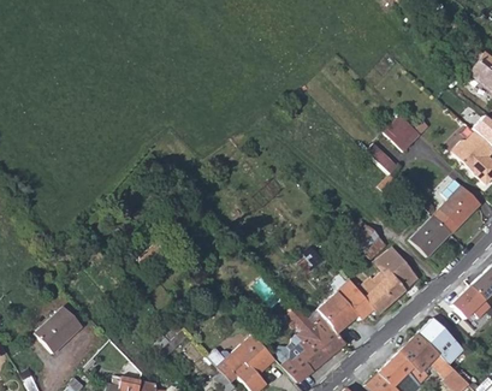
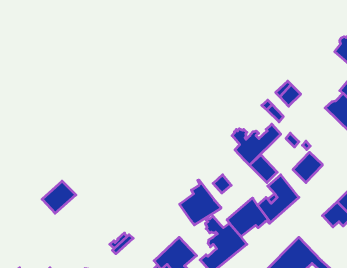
building: none -> [232,124,281,165]
building: [432,180,479,233] -> none
building: none -> [180,180,221,225]
building: [29,303,76,348] -> [42,181,76,213]
building: [417,320,464,367] -> none

